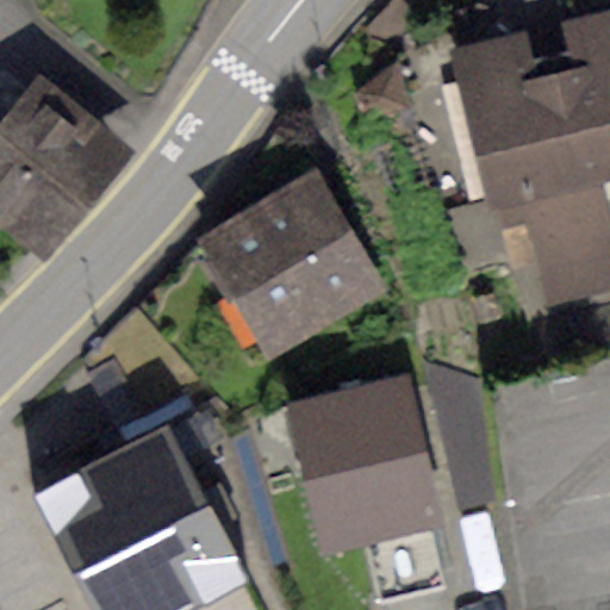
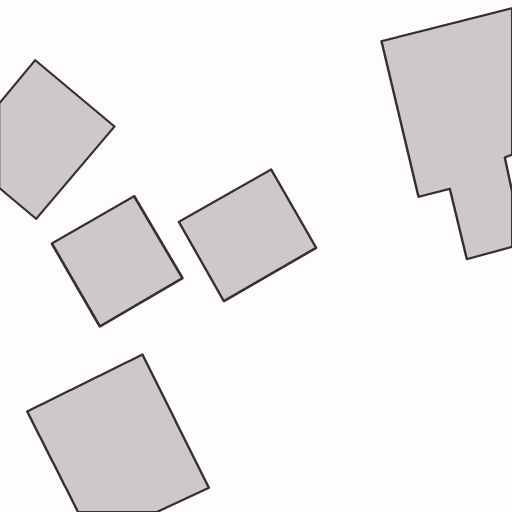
building: none -> [52,196,182,326]
building: [293,406,446,554] -> none

